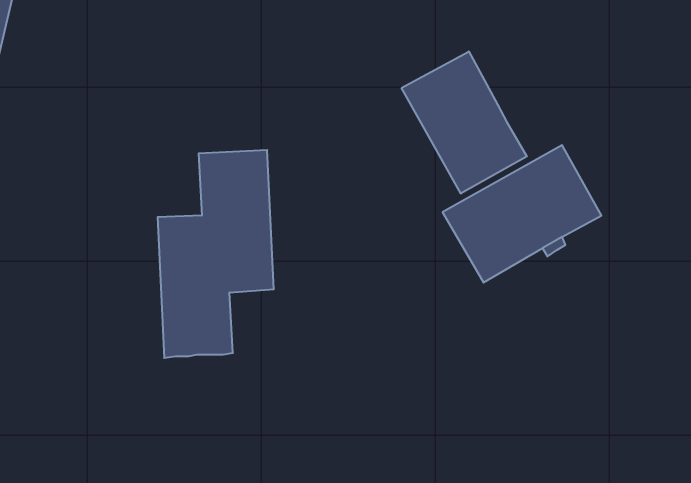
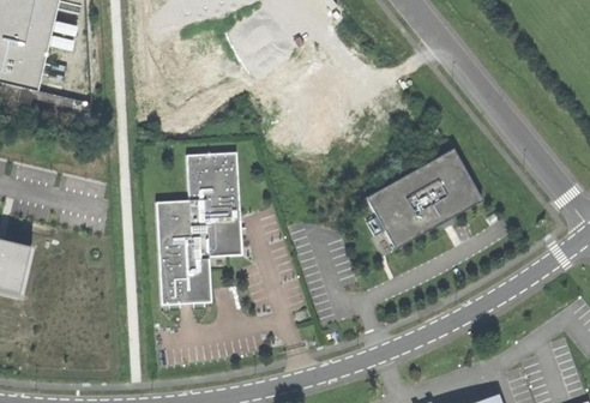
building: [402,51,527,194] -> none

